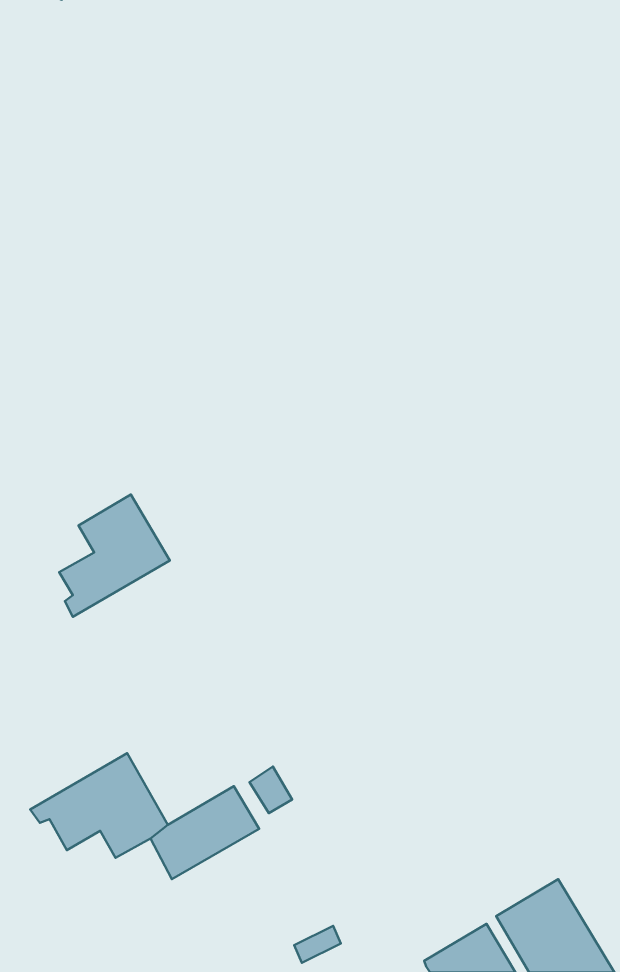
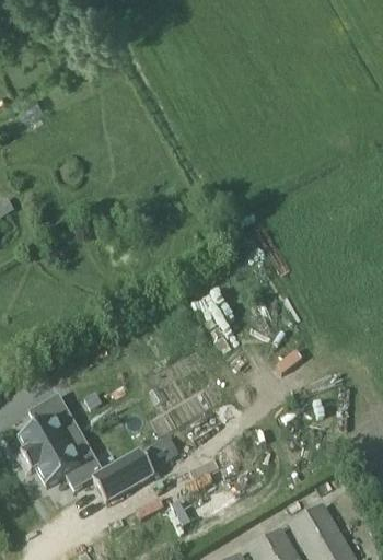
building: [59,494,170,617] -> [18,393,80,462]

